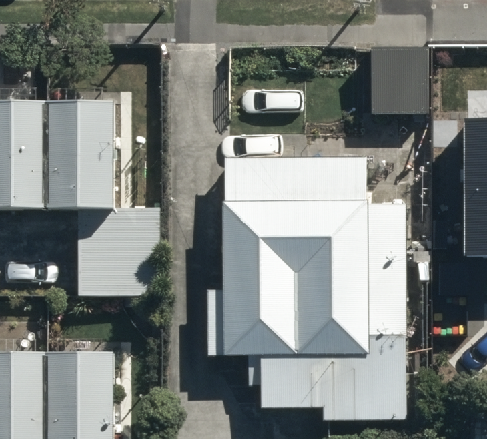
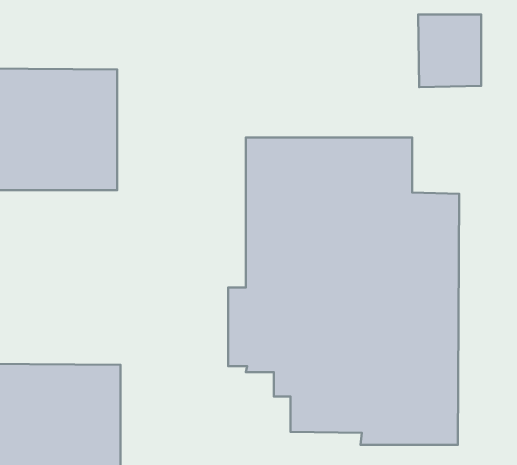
building: [81,218,160,292] -> none

